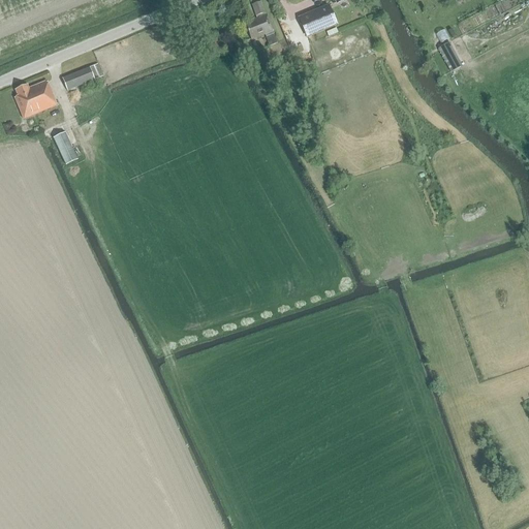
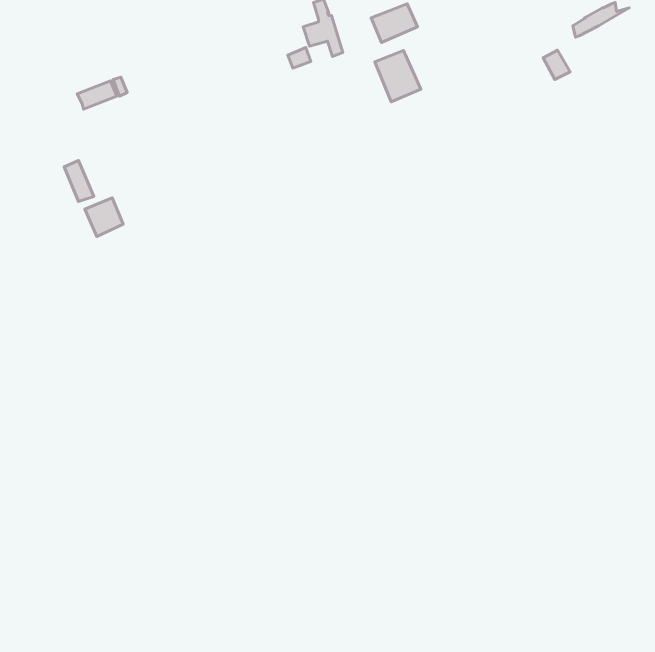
building: none -> [375,50,421,102]
building: [15,79,57,117] -> none
building: none -> [85,198,123,236]

